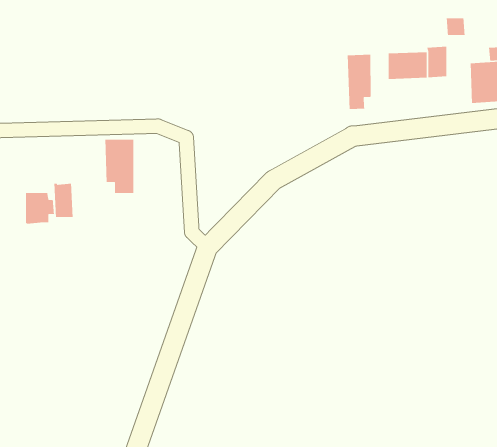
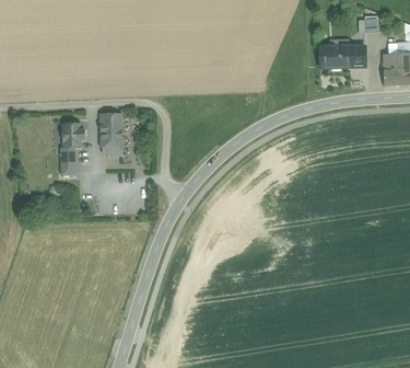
building: [347,54,372,110] -> none
building: [25,192,55,225] -> [61,123,84,148]

